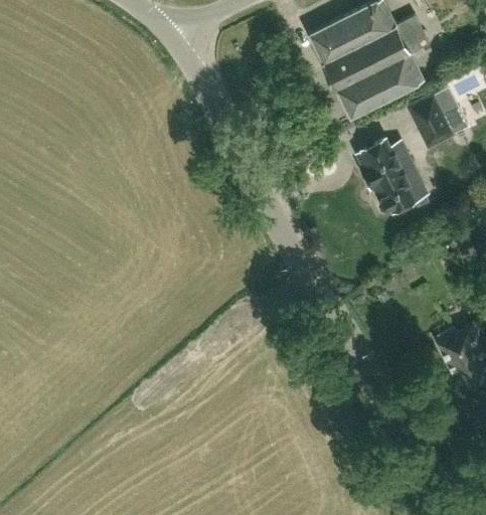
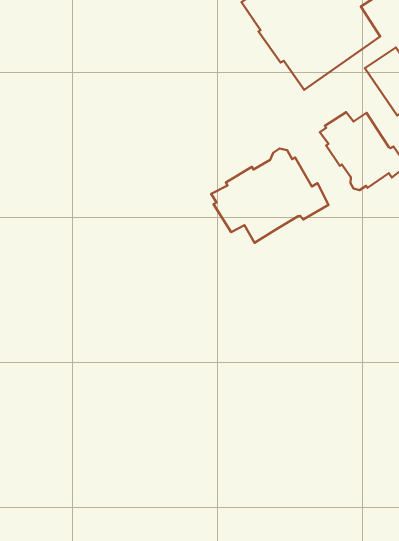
building: none -> [211,149,328,243]

